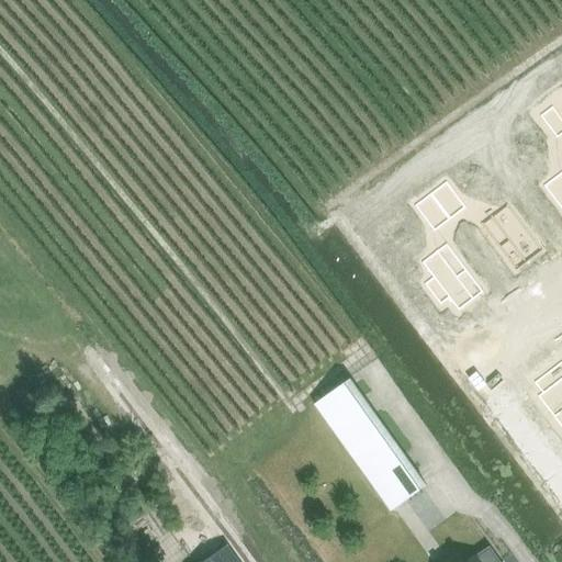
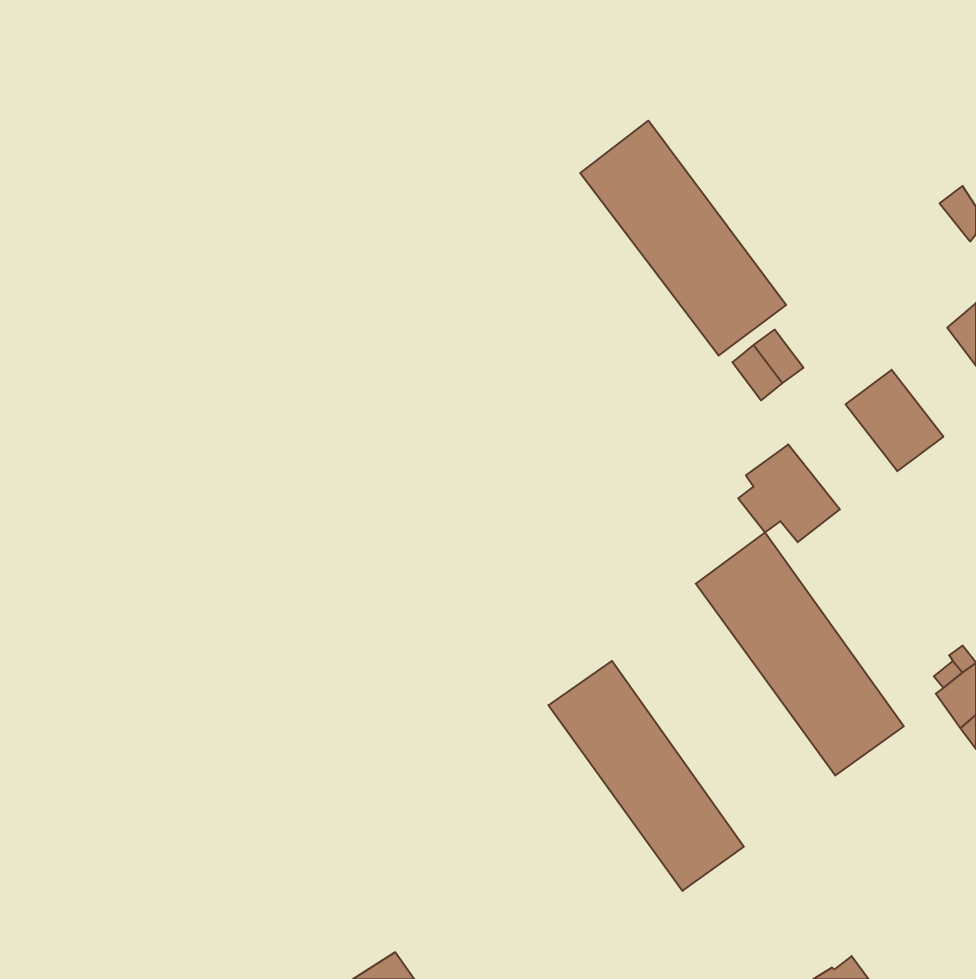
building: none -> [580,121,786,356]
building: none -> [696,533,904,776]

